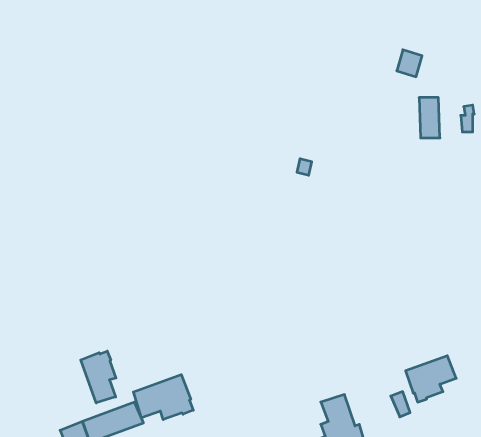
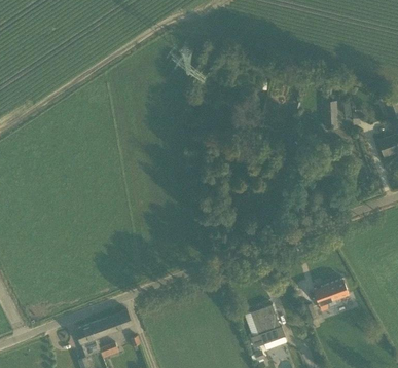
building: [81,351,116,403] -> none
building: [133,375,193,420] -> none

